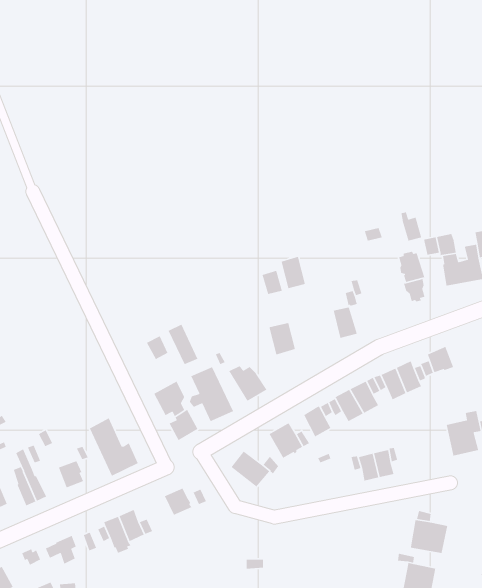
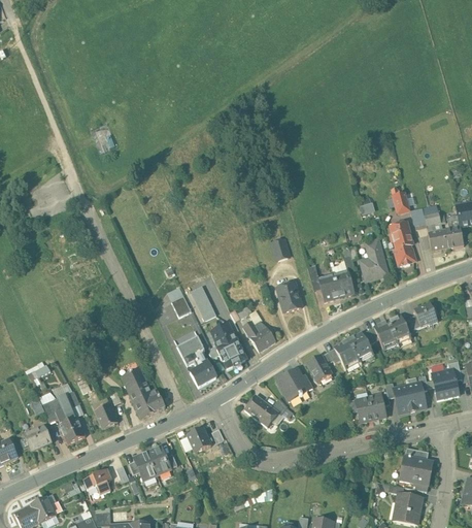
building: [281,256,306,289] -> [317,273,339,302]
building: none -> [360,239,387,282]
building: none -> [393,381,426,414]

